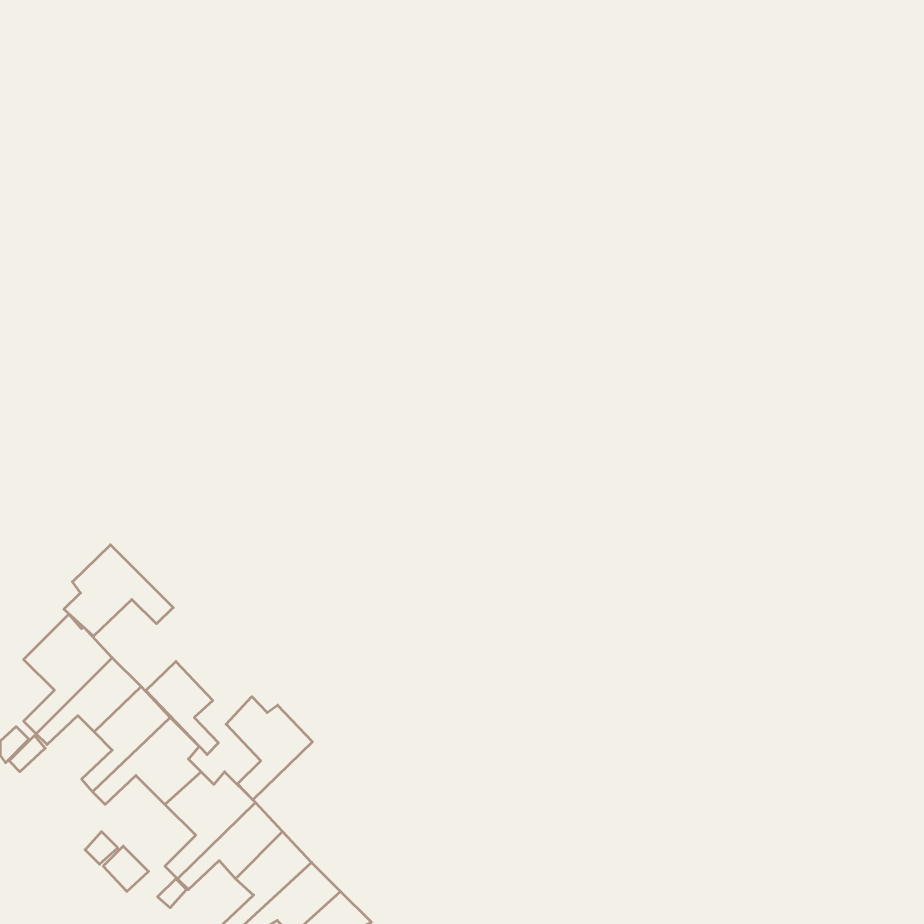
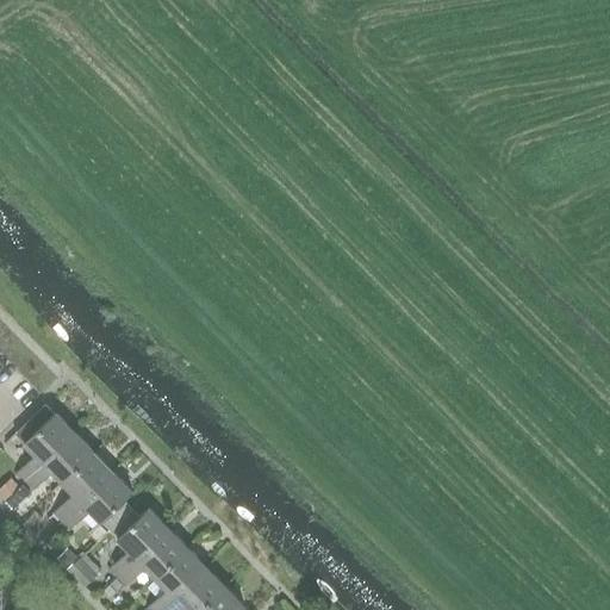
building: [64,545,173,636] -> none
building: [146,661,218,755] -> none
building: [226,697,312,800] -> none

